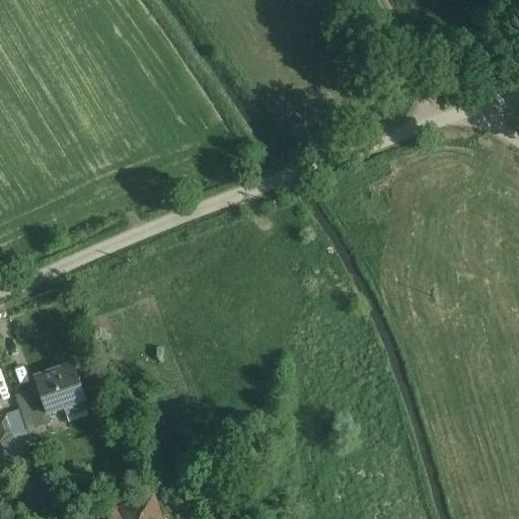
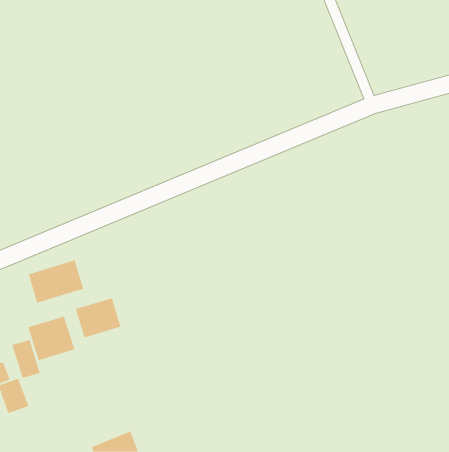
building: none -> [28,259,84,304]
building: none -> [75,297,121,338]

